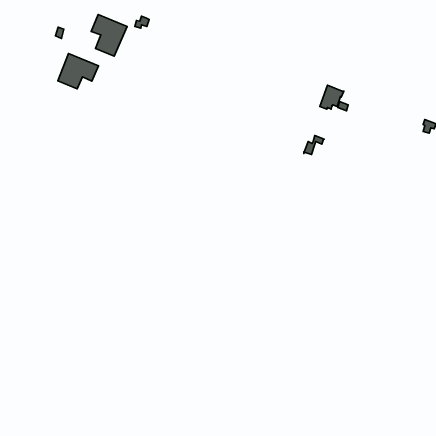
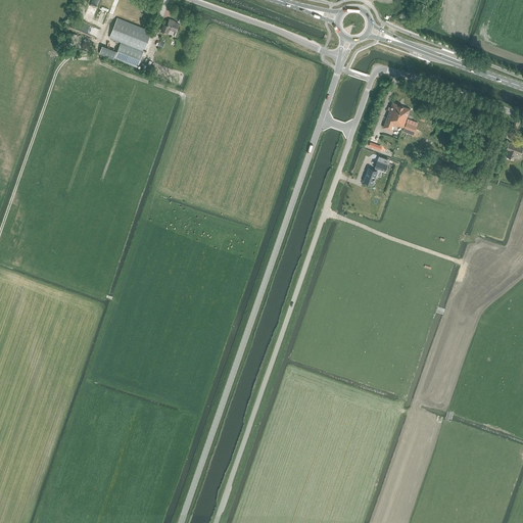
building: [58,54,98,89] -> none

